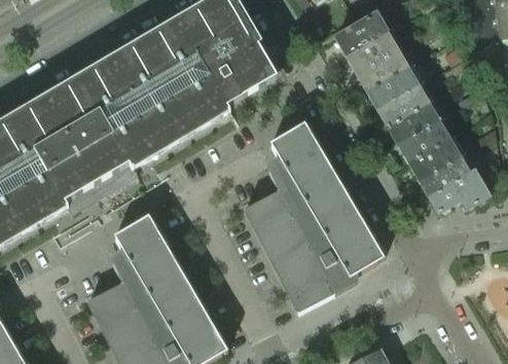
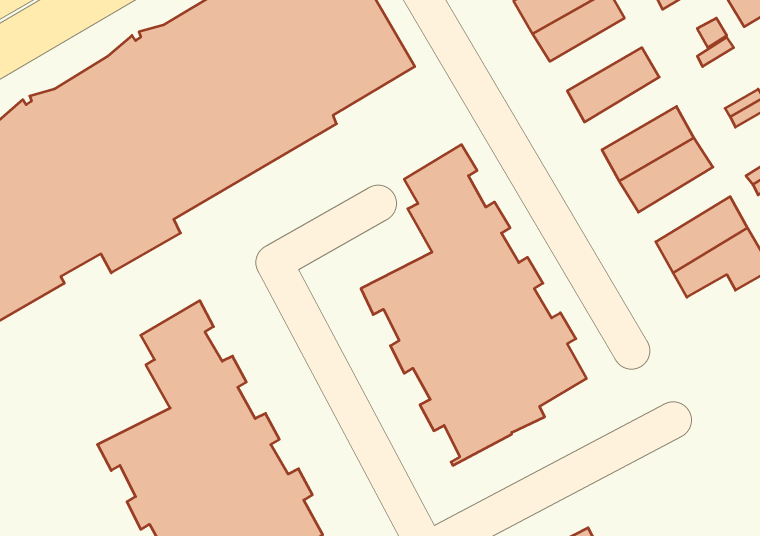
building: [356,45,410,88] -> none
building: [376,80,431,123] -> none
building: [408,134,463,178] -> none

